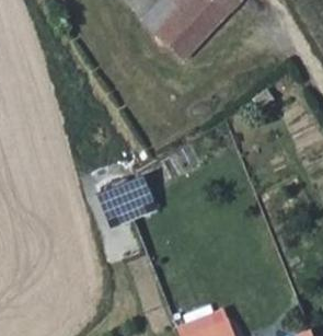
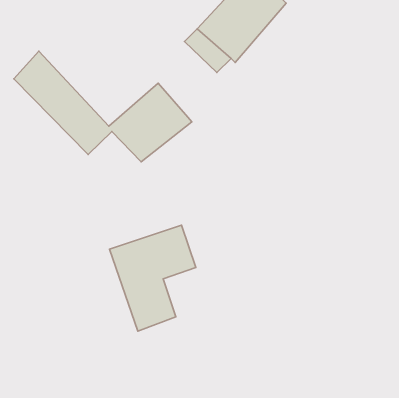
building: none -> [14,51,192,162]

